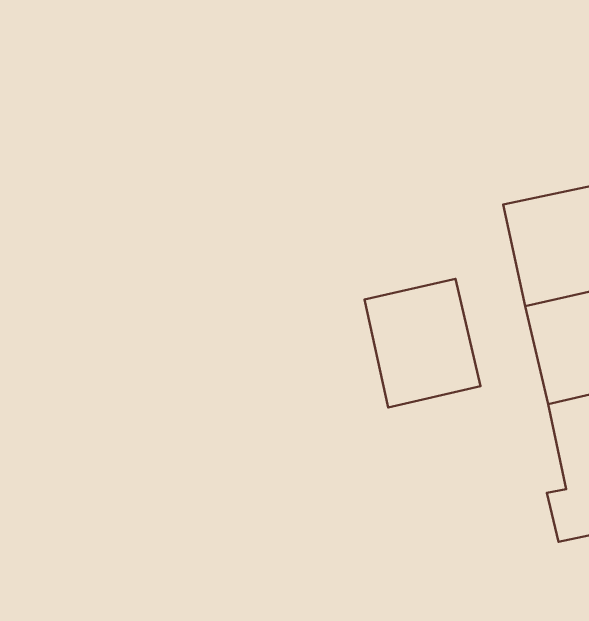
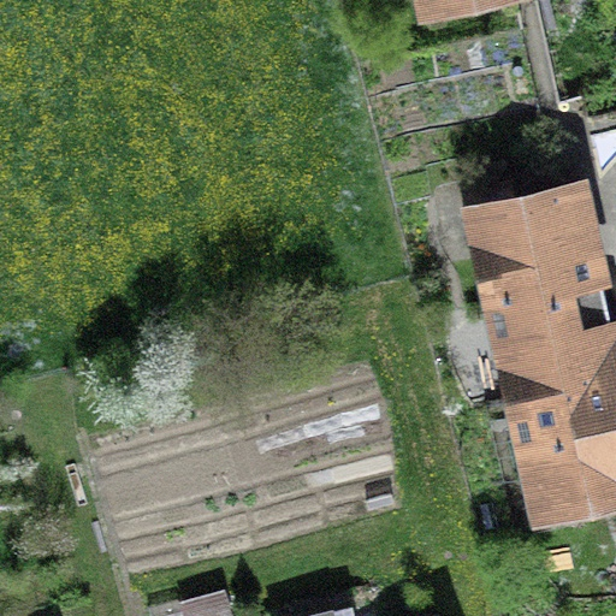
building: [364,279,481,407] -> none

